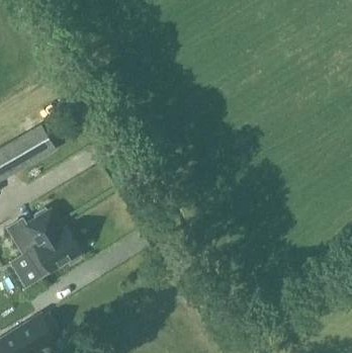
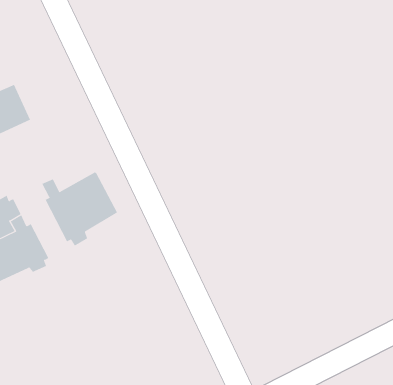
building: none -> [41,171,118,246]

